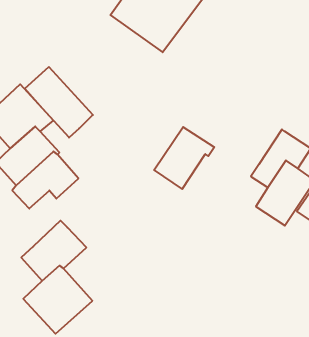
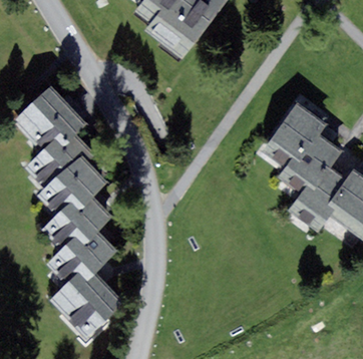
building: [25,67,93,138] -> none
building: [154,127,214,189] -> [262,104,322,166]
building: none -> [43,193,107,249]

